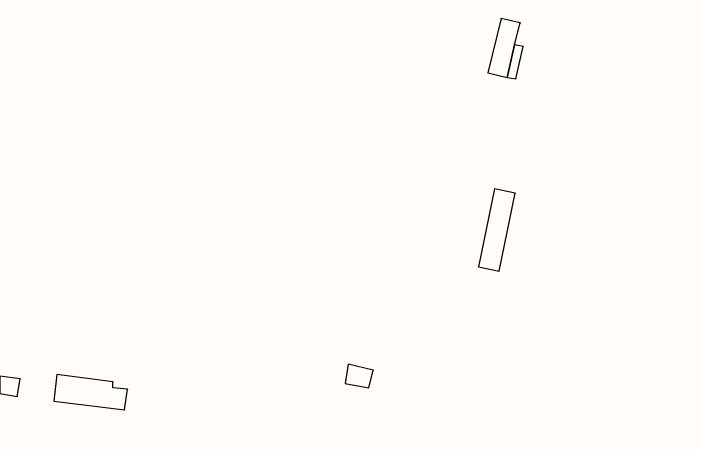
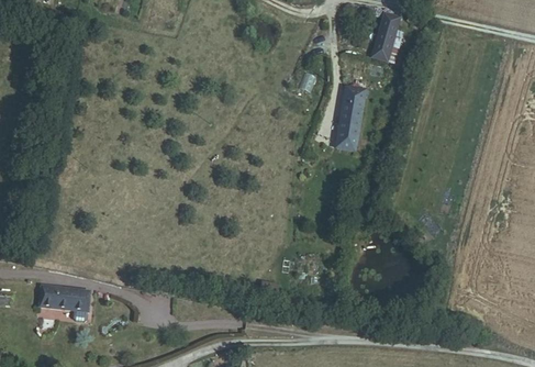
building: [478,189,515,271] -> [343,91,370,153]

